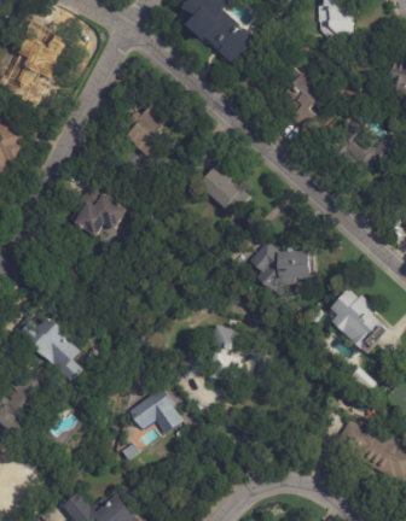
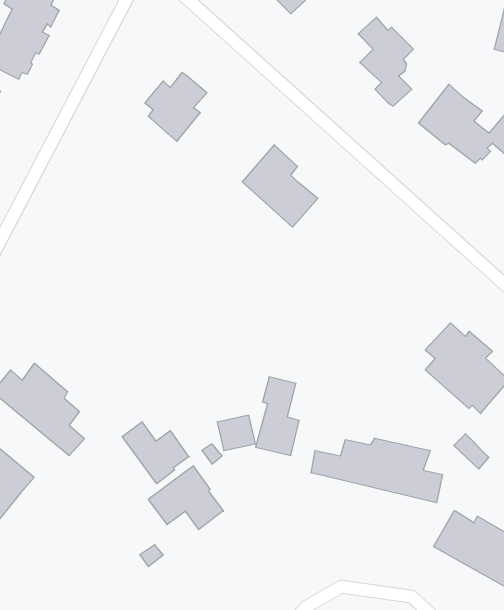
building: [75,187,127,235] -> none
building: [251,239,314,285] -> none
building: none -> [122,422,189,484]
building: none -> [311,438,443,503]

